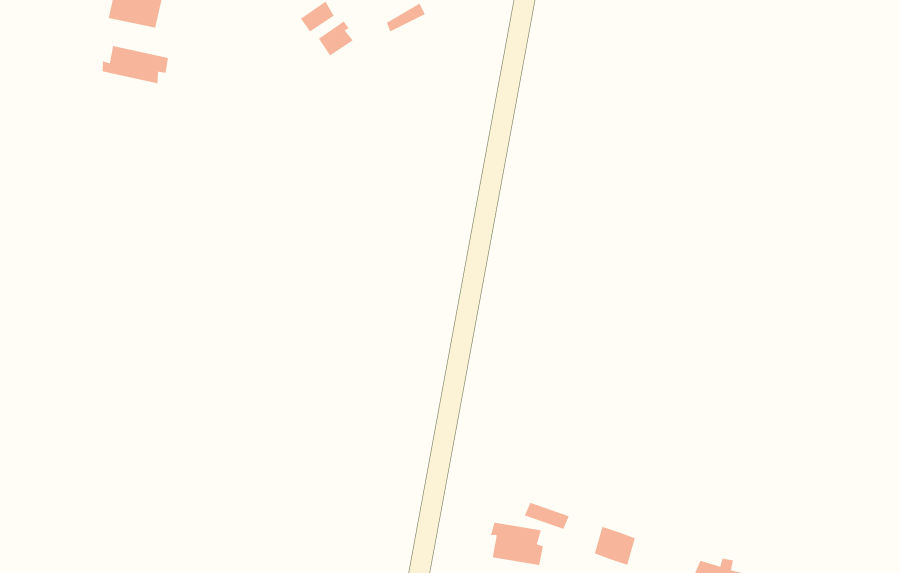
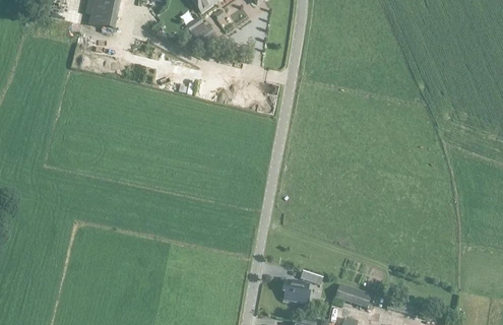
building: [102,45,169,84] -> none

